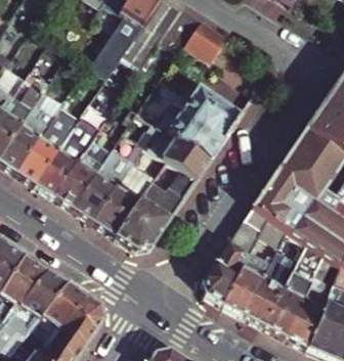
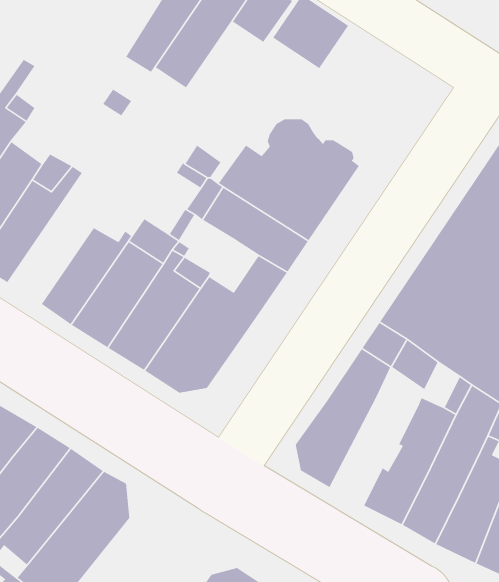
building: [35,116,100,196] -> none
building: [223,251,274,314] -> none

